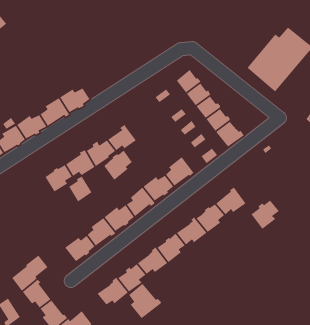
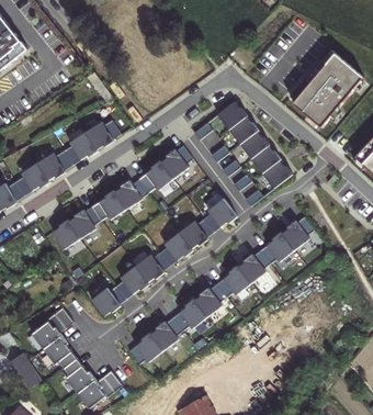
building: [103,149,133,181] -> [160,145,193,180]
building: [68,176,93,202] -> [53,220,80,249]
building: [251,199,280,230] -> [282,216,315,250]
building: [128,283,162,319] -> none

